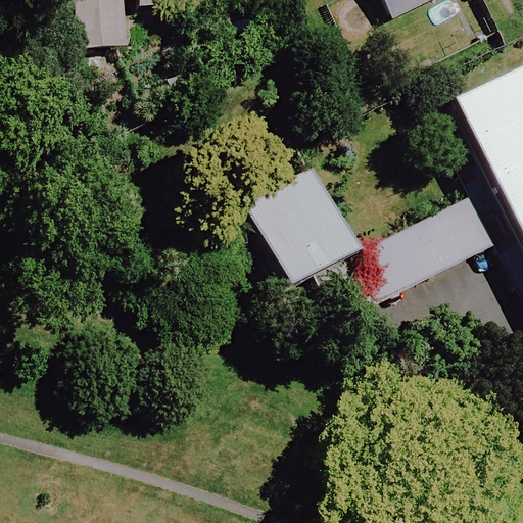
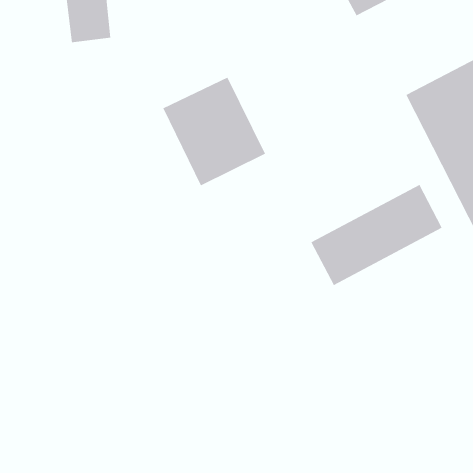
building: [249,169,361,286] -> [162,77,266,186]

